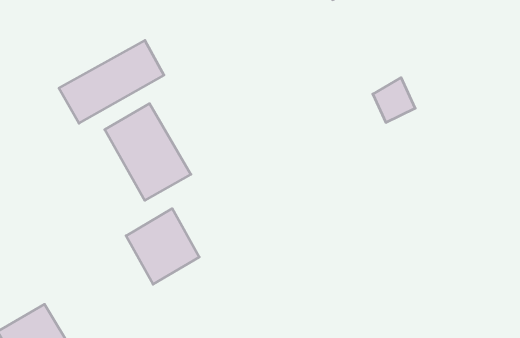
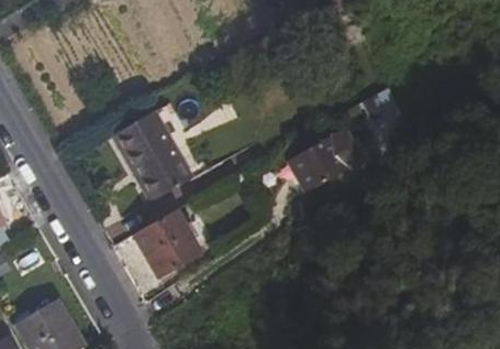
building: [59,40,164,123] -> none
building: none -> [287,134,360,194]

